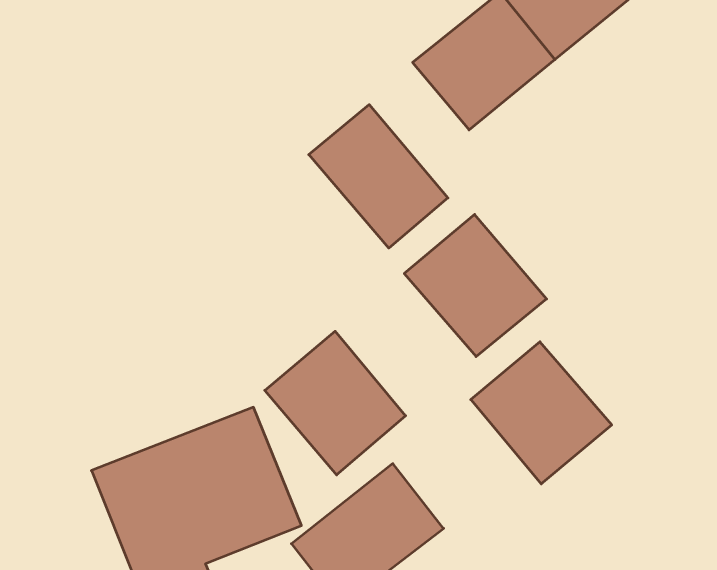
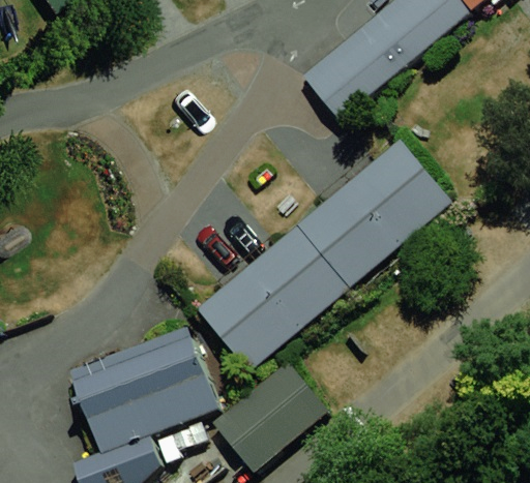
building: [309,105,448,248] -> none
building: none -> [349,139,452,244]
building: [471,342,612,484] -> [246,225,350,330]

